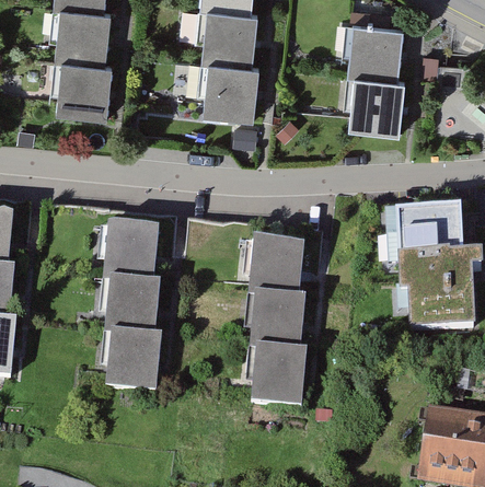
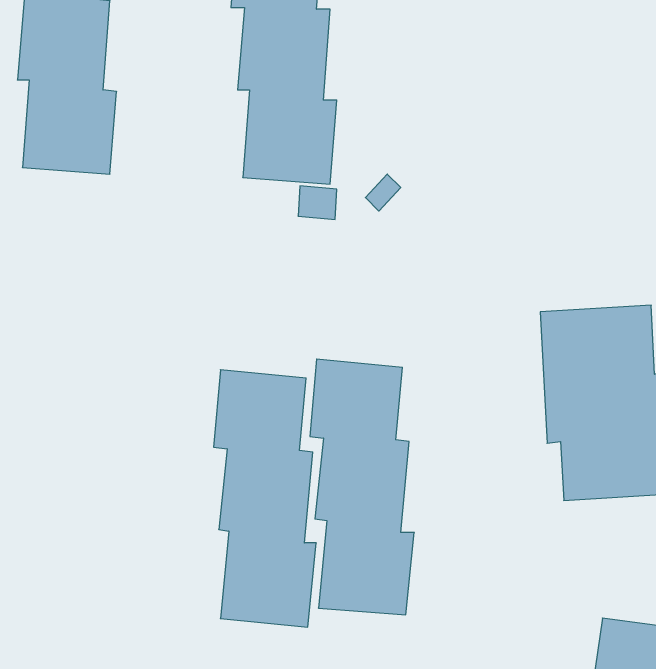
building: [342,24,397,132] -> none
building: [96,220,163,387] -> [214,370,316,627]

